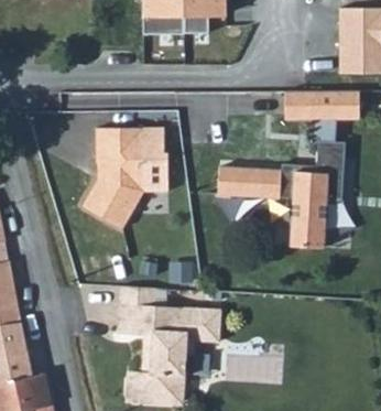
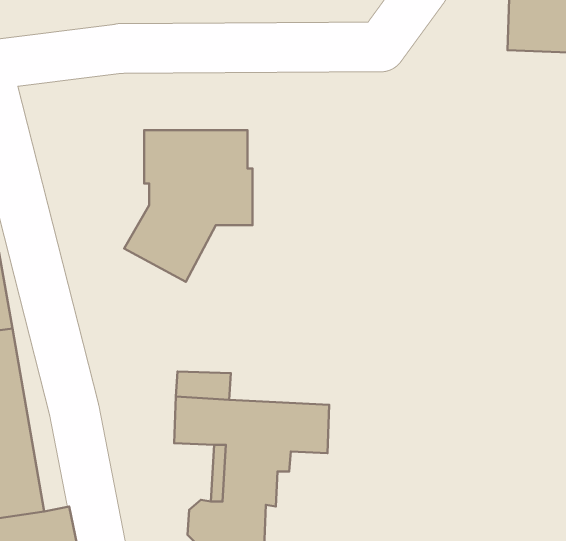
building: [289,91,362,122] -> none
building: [217,139,342,247] -> none

